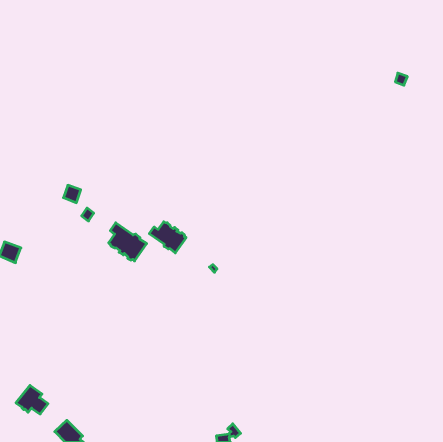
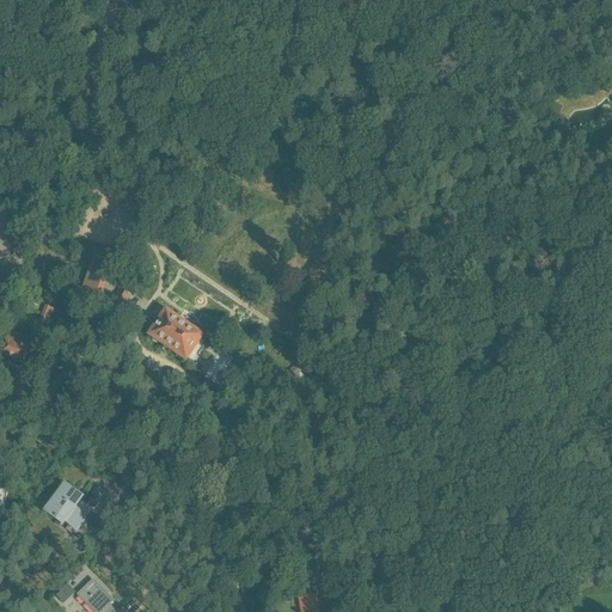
building: [149,222,186,253] -> none
building: [16,385,48,414] -> [44,484,88,524]

